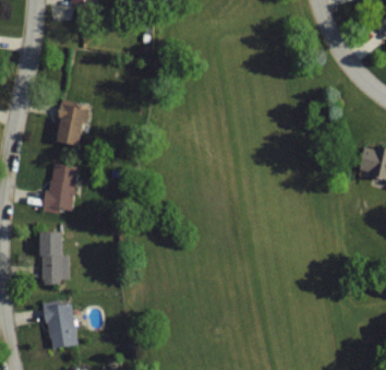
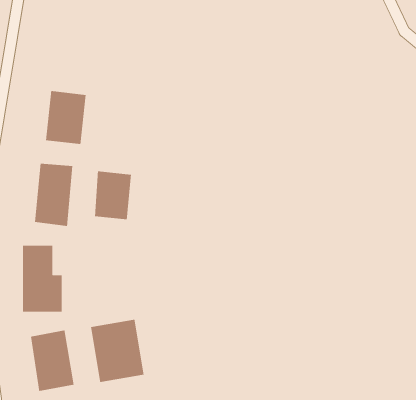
building: none -> [94,171,131,220]
building: none -> [90,319,144,383]

